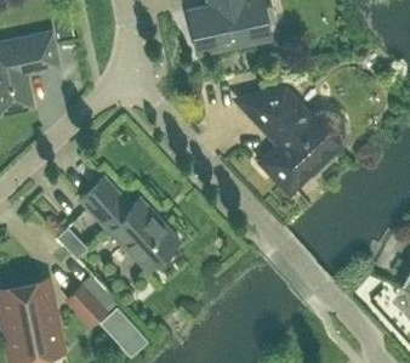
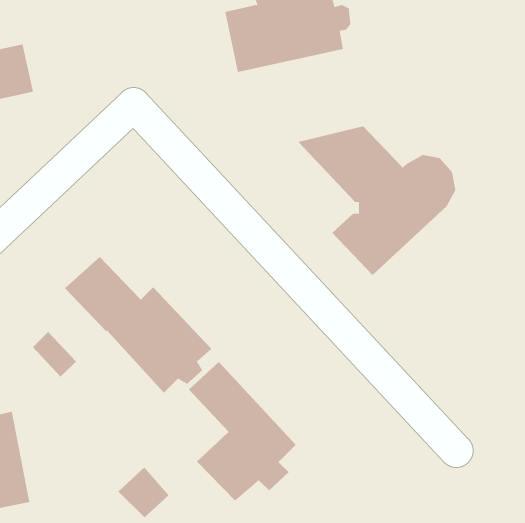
building: none -> [188,361,296,501]
building: [63,285,107,329] -> none

